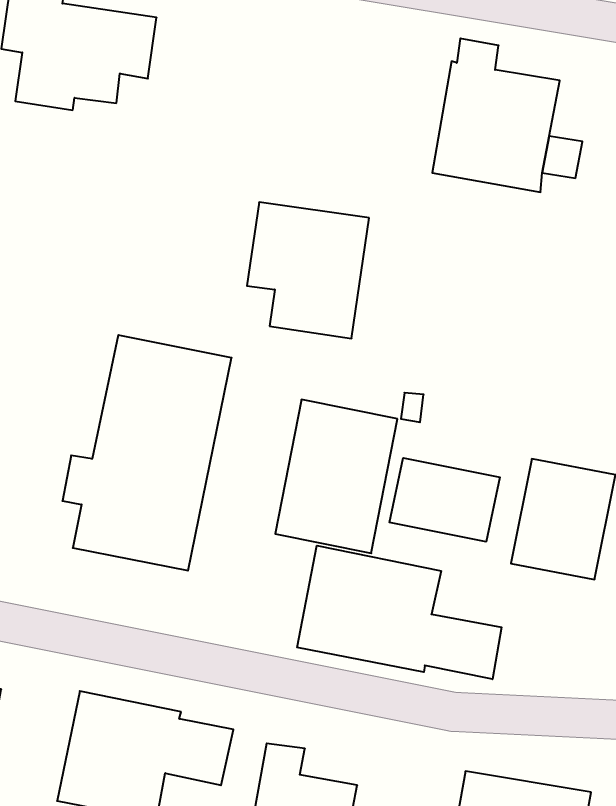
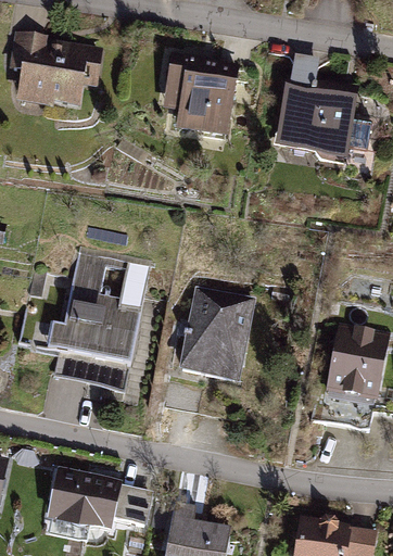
building: [247,202,369,338] -> [159,53,234,138]
building: [389,458,500,542] -> none
building: [297,546,502,679] -> none

